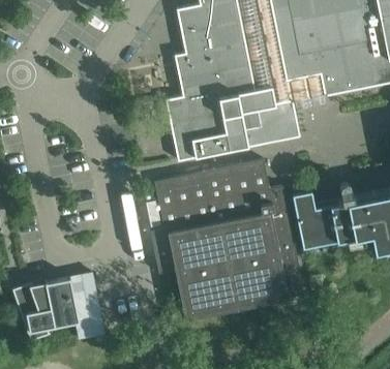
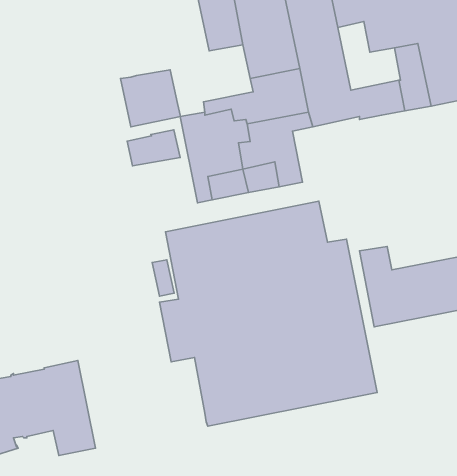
building: [277,32,322,81] -> none
building: [175,49,217,89] -> [121,70,180,127]
building: [245,99,300,146] -> none
building: none -> [127,130,180,166]

